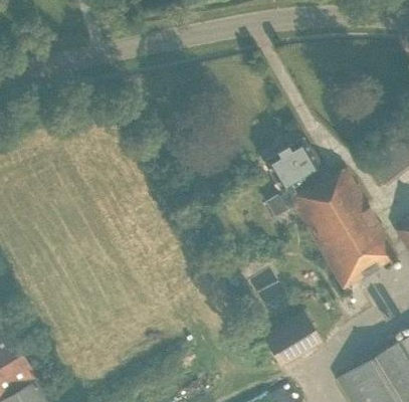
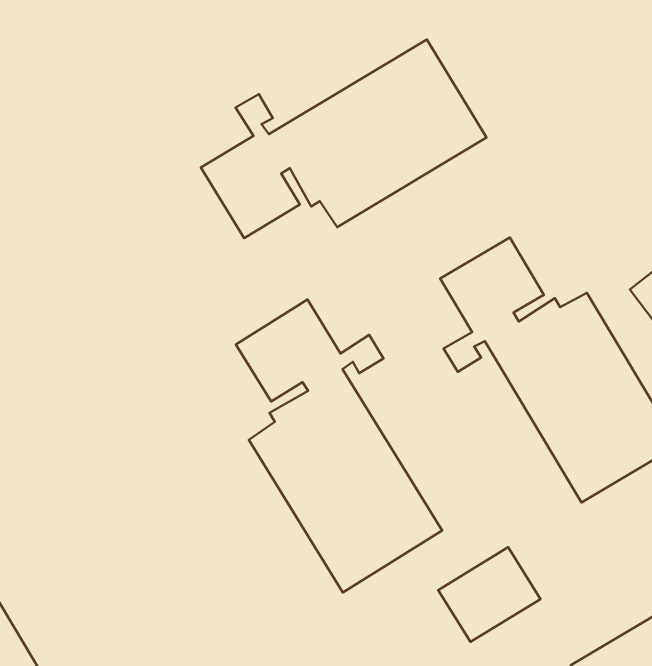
building: none -> [201,39,486,238]
building: none -> [236,300,442,593]

